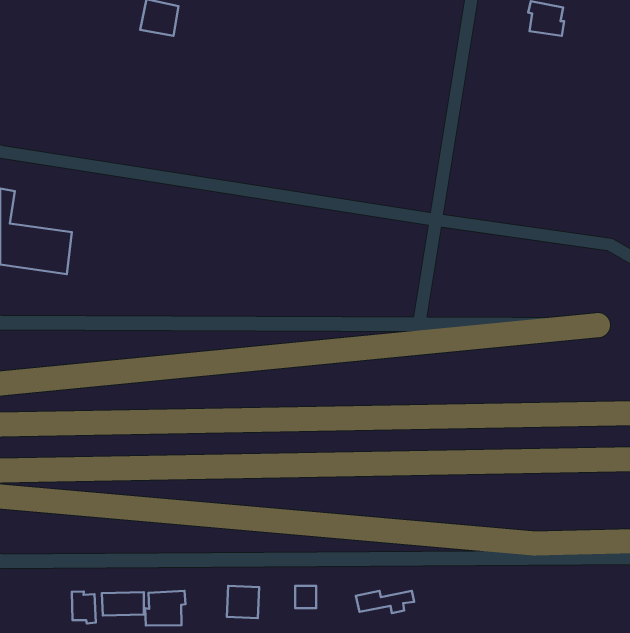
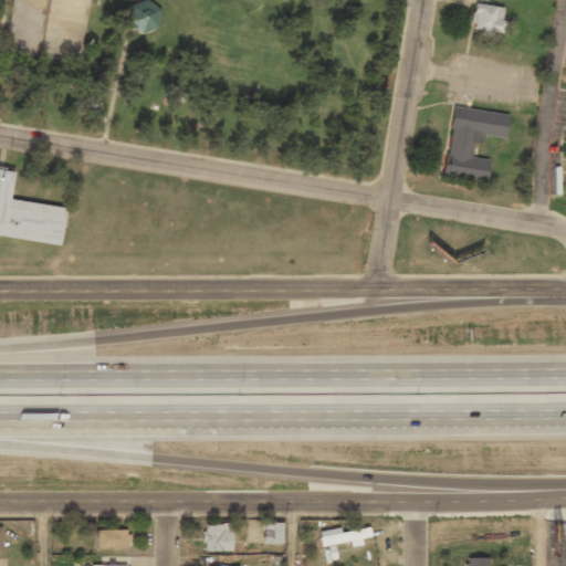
building: none -> [443,104,512,181]
building: [145,591,186,626] -> none
building: [72,592,96,623] -> none

